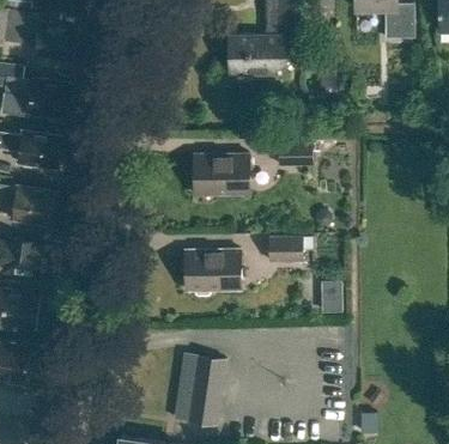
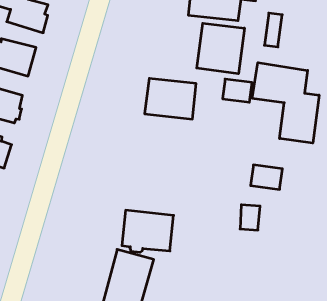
building: none -> [197,23,244,74]
building: none -> [252,63,319,143]
building: [269,237,303,261] -> [251,165,282,189]
building: [184,249,241,296] -> [122,210,174,252]

